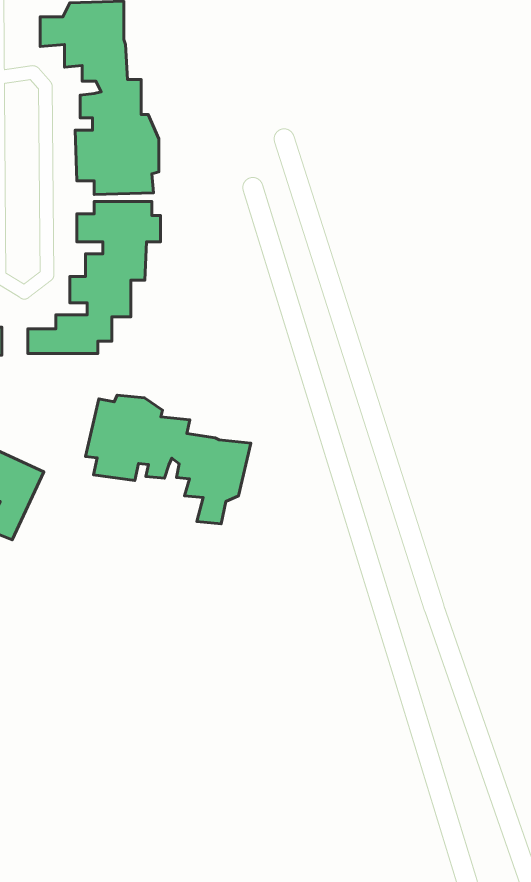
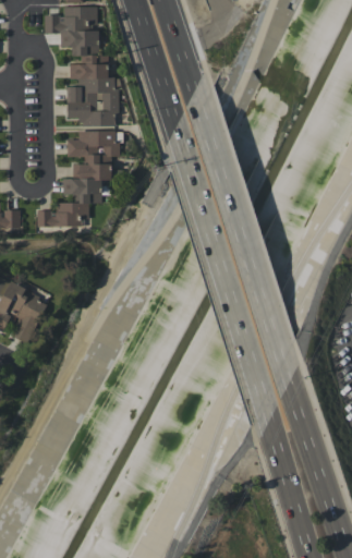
building: [86,395,251,524] -> none

